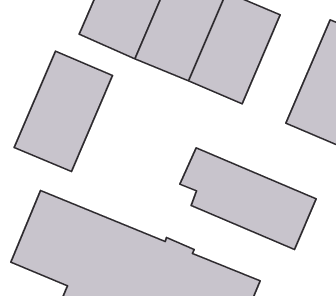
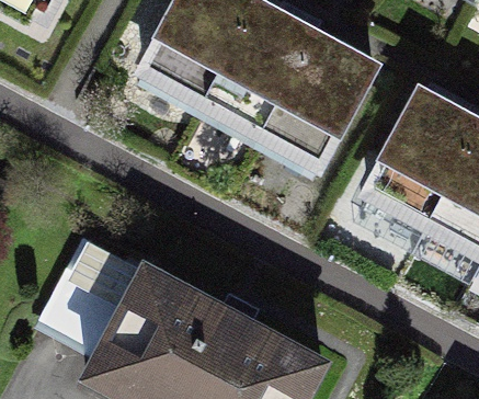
building: [14,51,112,172] -> none
building: [180,148,316,249] -> none

